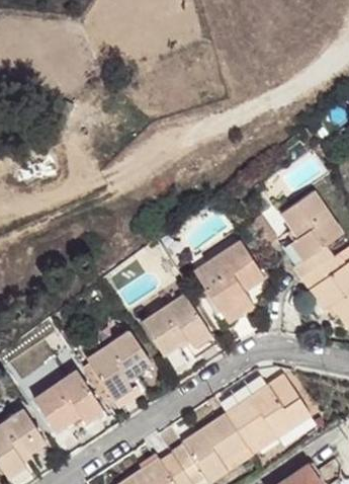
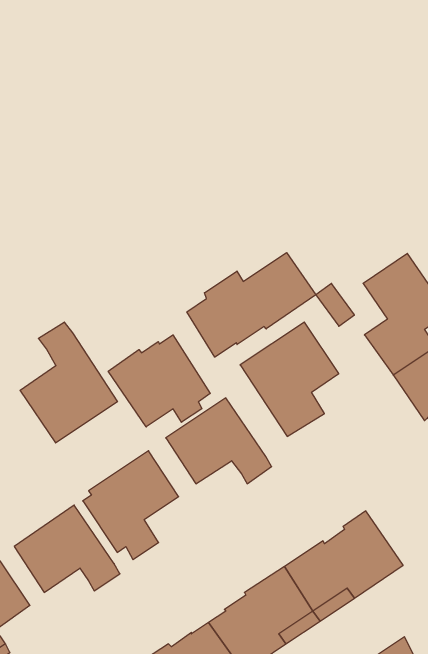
building: none -> [187,253,316,357]
building: none -> [20,322,117,443]
building: none -> [108,335,210,427]

